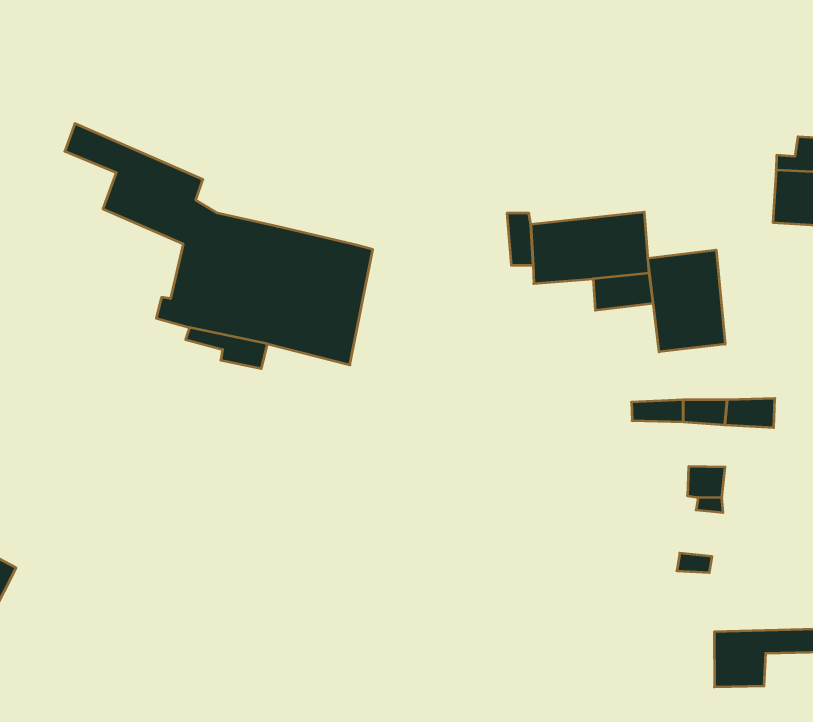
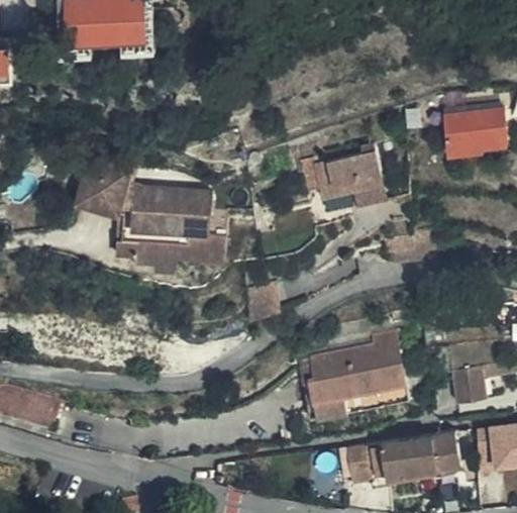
building: [648,250,725,352] -> none
building: none -> [297,331,408,419]

